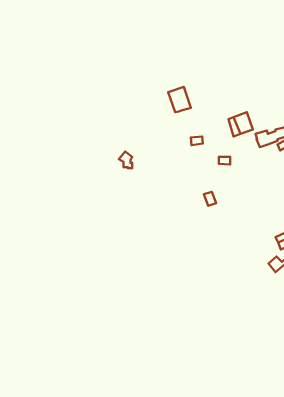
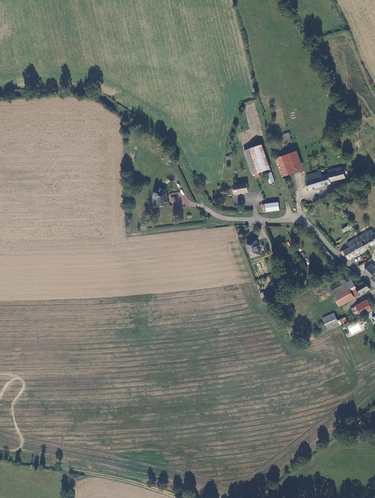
building: [168,87,191,112] -> [242,143,268,172]

